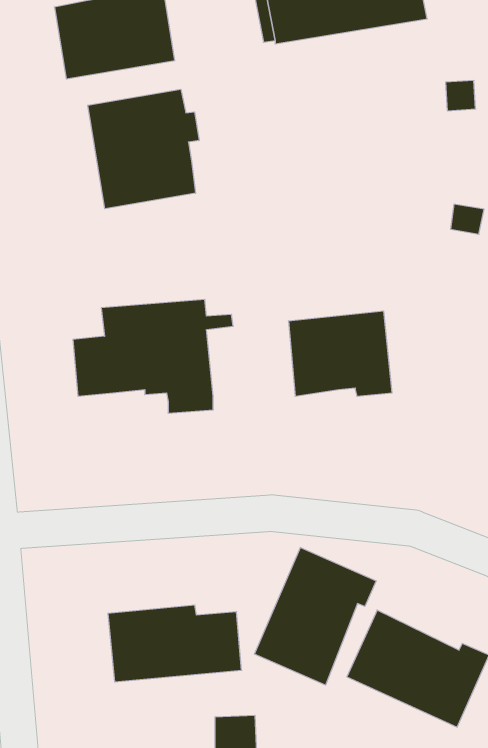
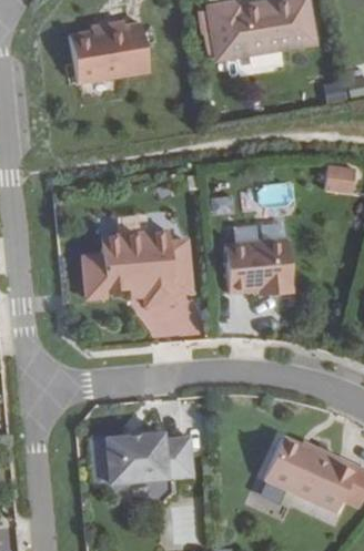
building: [88,89,199,209] -> none
building: [255,547,376,685] -> none

